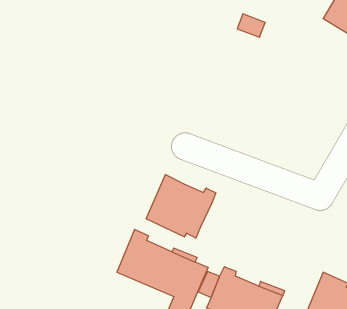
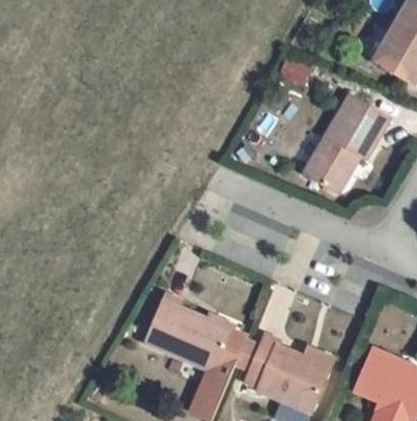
building: none -> [303,93,388,192]
building: [146,175,216,238] -> none

